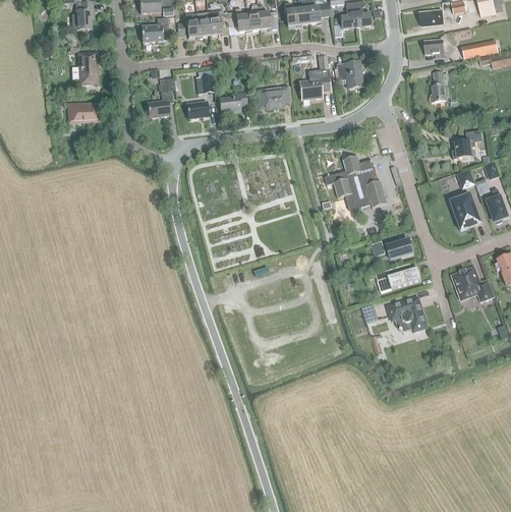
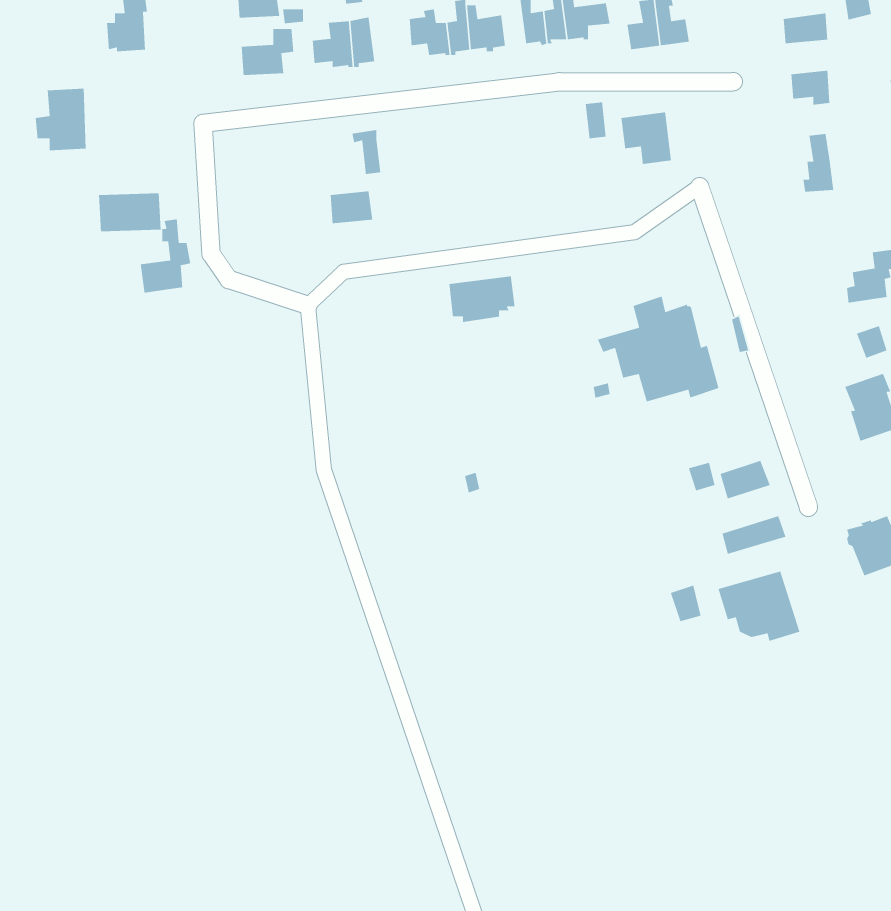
building: [207,10,228,36] -> none
building: [71,52,98,84] -> [35,88,86,151]
building: [298,75,330,100] -> none
building: [147,78,173,117] -> [140,218,191,294]
building: [258,84,292,109] -> [448,275,516,323]
building: [219,92,246,112] -> none

